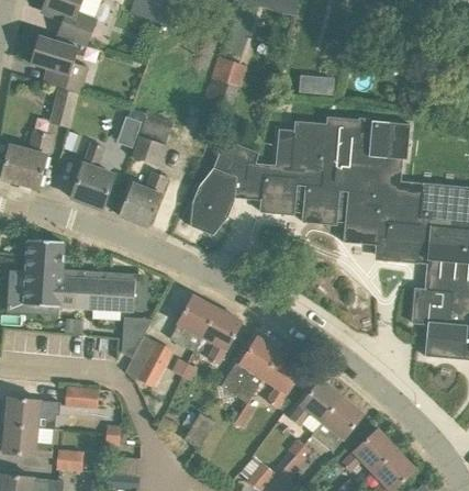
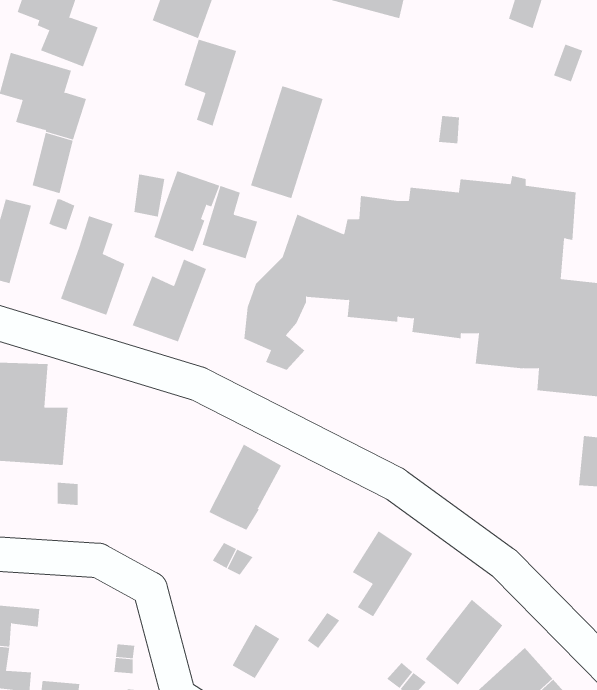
building: none -> [184,39,237,126]
building: none -> [202,185,258,259]
building: [72,269,134,311] -> none
building: [201,308,241,364] -> none
building: [120,316,152,358] -> none
building: [220,336,280,399] -> none
building: [137,342,172,386] -> none
building: [289,379,342,425] -> none
building: [67,387,98,409] -> none

